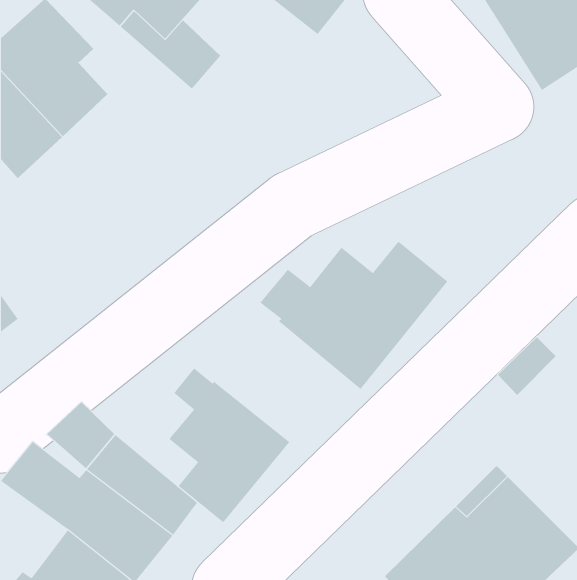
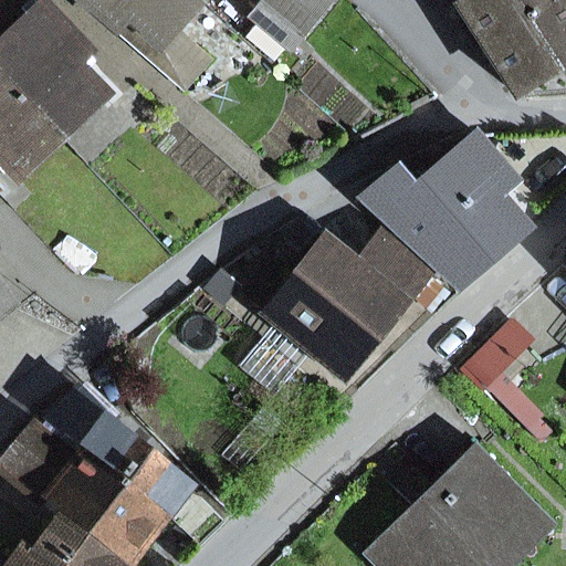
building: none -> [360,133,526,289]
building: [169,367,290,523] -> none

